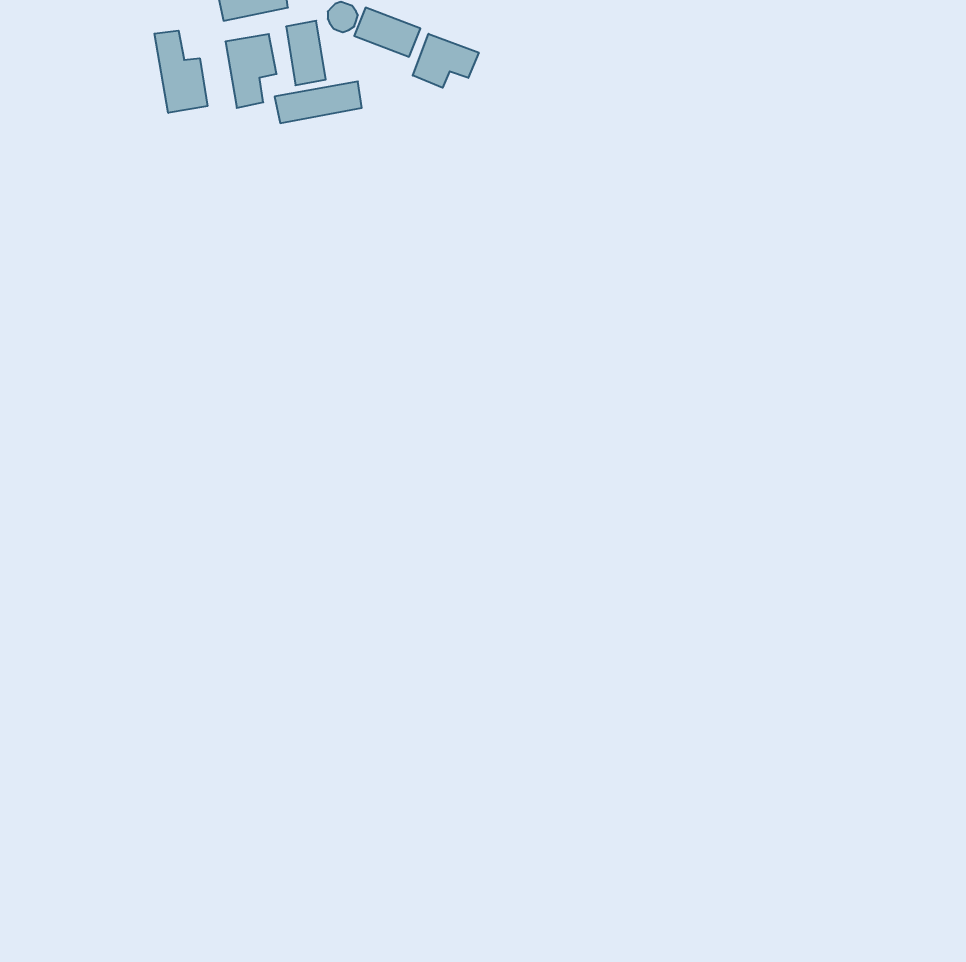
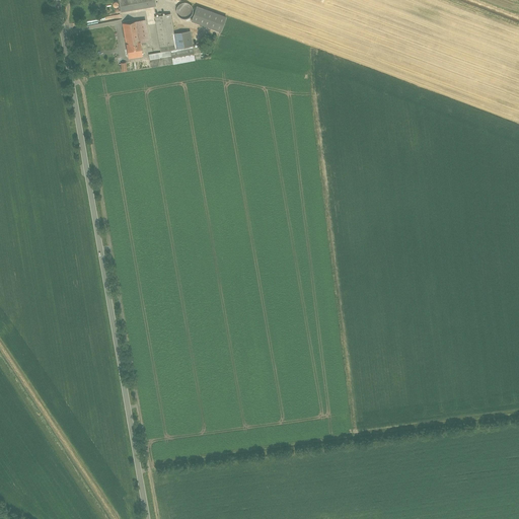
building: [154,31,207,113] -> none
building: [413,34,479,88] -> none

